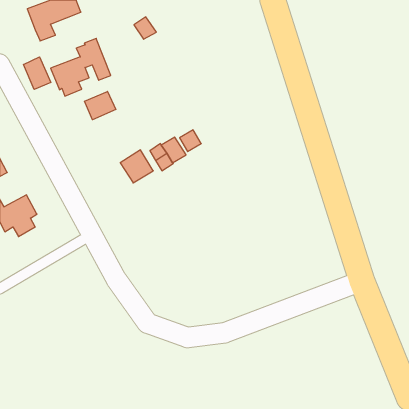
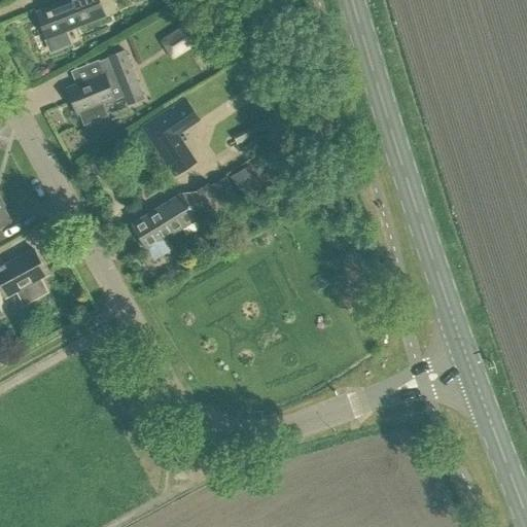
building: [24,57,51,89] -> none
building: [85,91,116,120] -> none
building: none -> [130,210,171,261]

